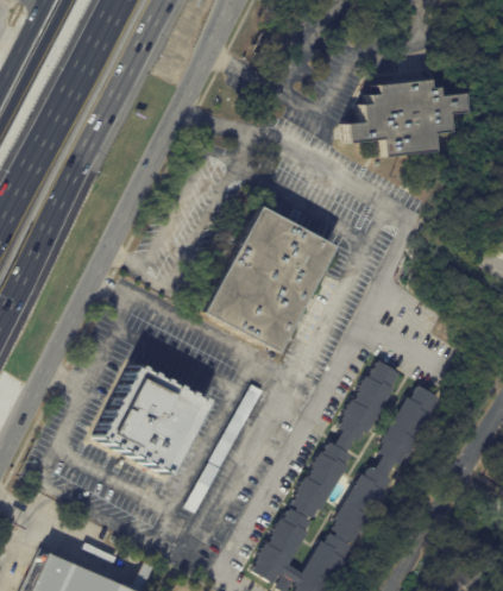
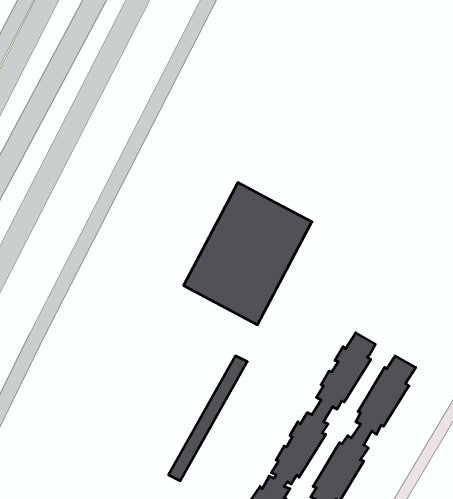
building: [345,80,469,157] -> none
building: [99,365,210,477] -> none

